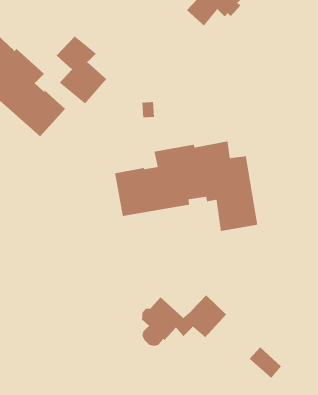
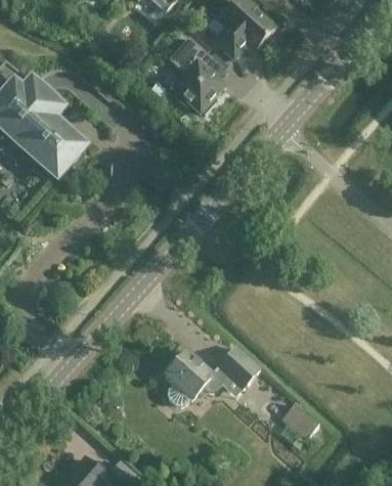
building: [56,35,107,105] -> [170,38,225,113]
building: [114,140,258,232] -> none

